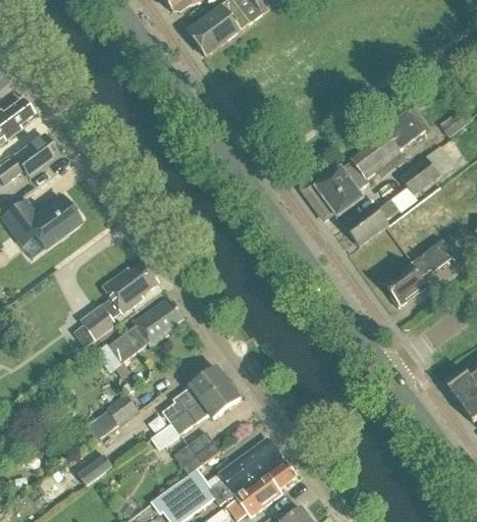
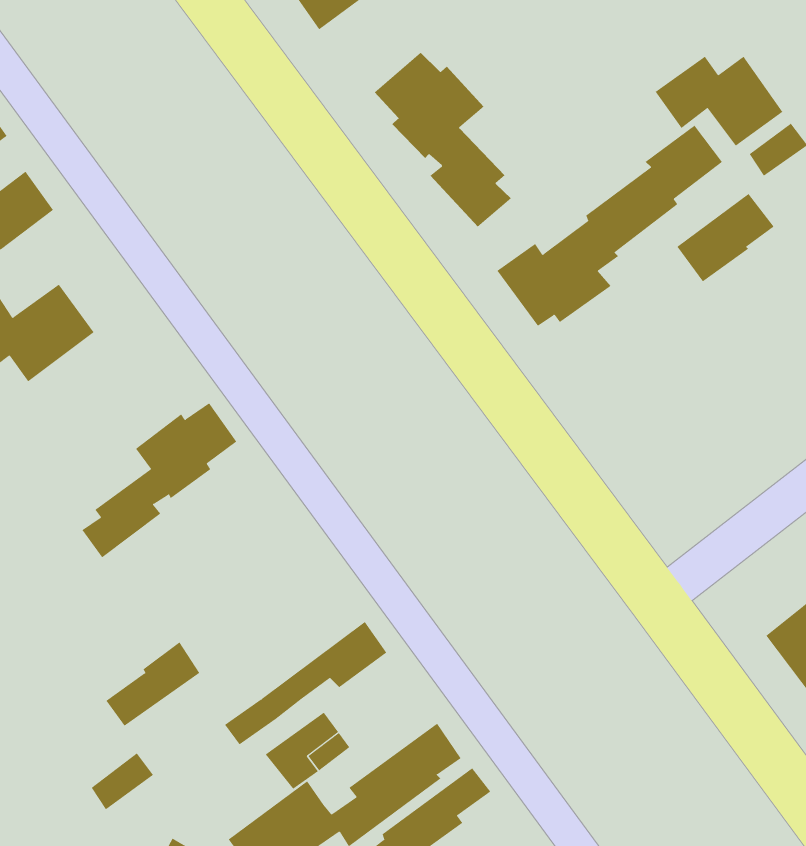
building: none -> [374,52,512,227]
building: none -> [655,56,783,147]
building: [343,199,399,247] -> none
building: [386,241,455,306] -> none
building: [107,298,184,363] -> none
building: [162,366,228,424] -> none

